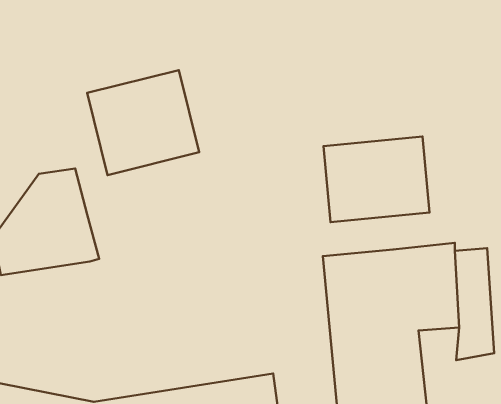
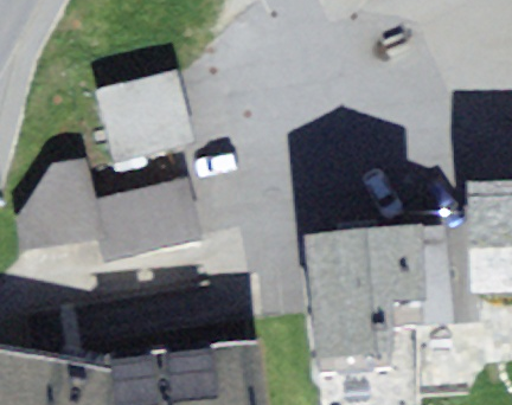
building: [324,137,430,222] -> none
building: none -> [97,178,205,262]

